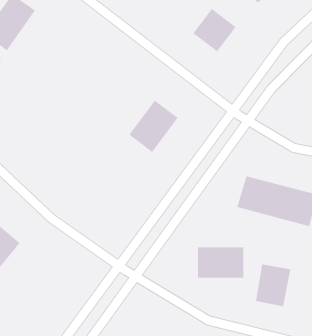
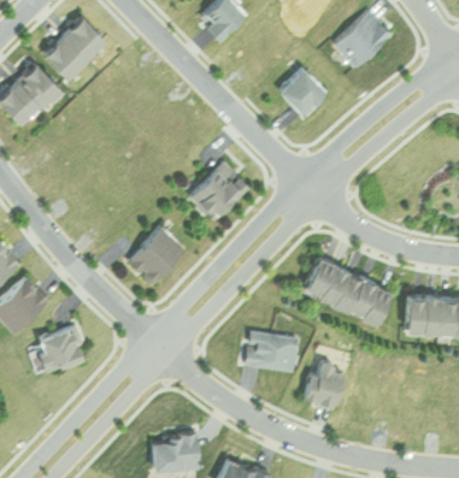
building: none -> [126,225,186,284]
building: none -> [31,325,86,371]

